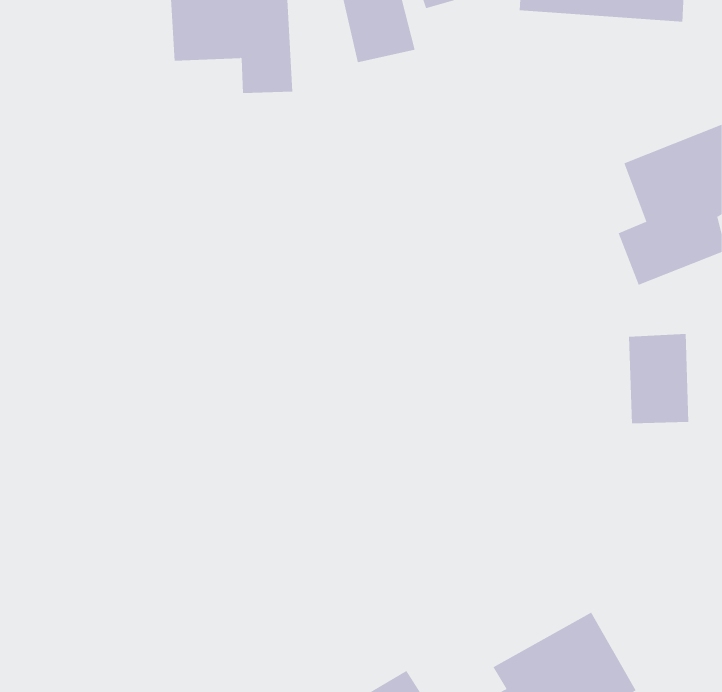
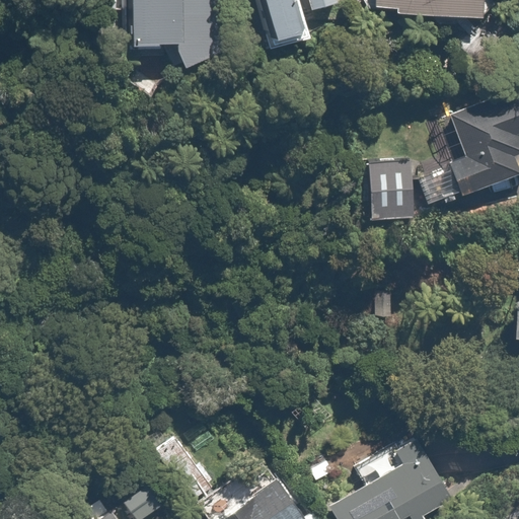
building: [628,333,689,424] -> [370,162,413,225]

